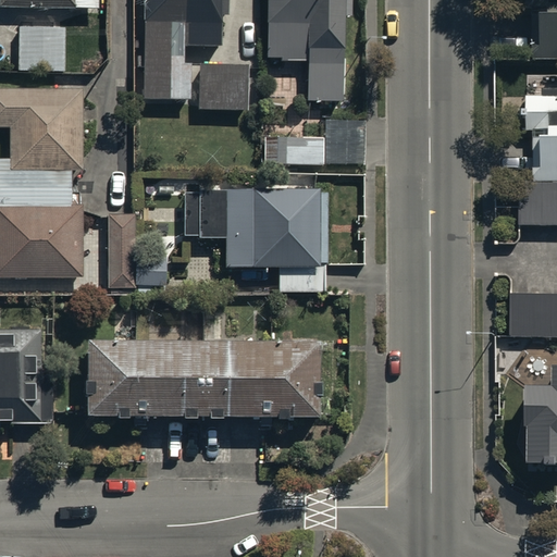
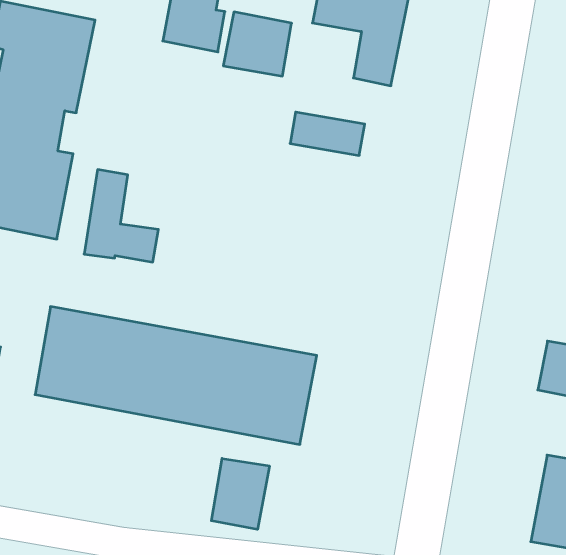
building: [184,189,324,293] -> none
building: none -> [211,458,269,529]

